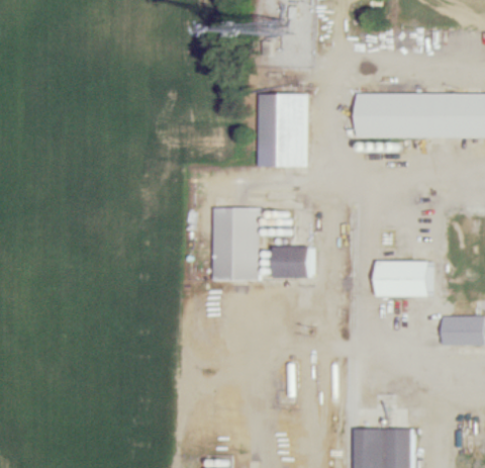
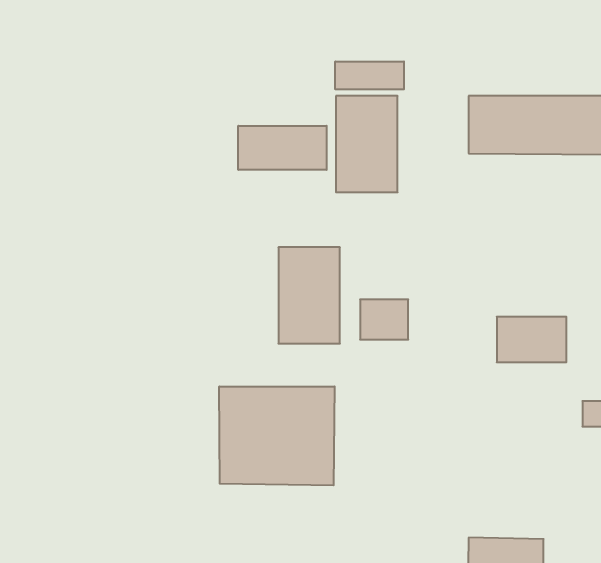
building: none -> [335,61,404,89]
building: none -> [238,126,327,170]
building: none -> [219,386,335,485]

